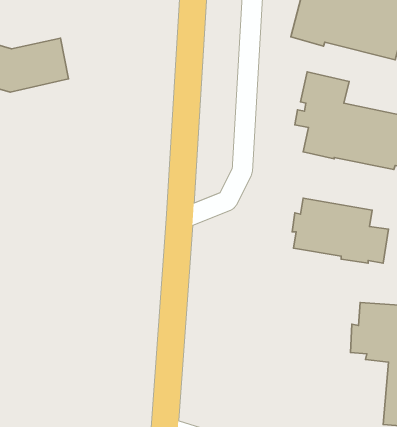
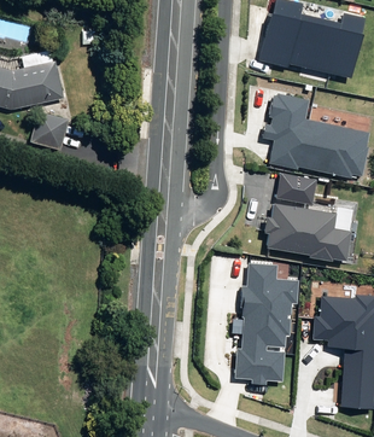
building: none -> [29,111,68,150]
building: none -> [277,174,317,205]
building: none -> [236,263,300,384]

